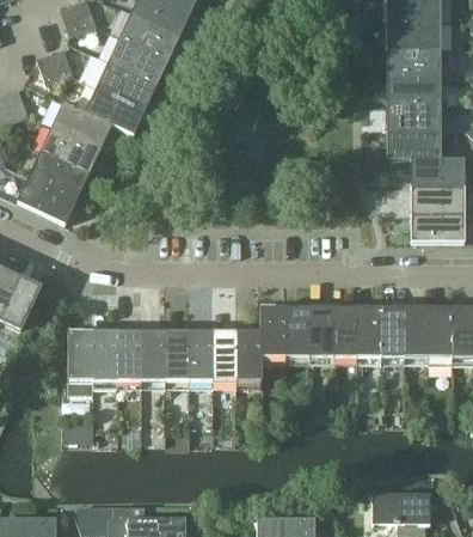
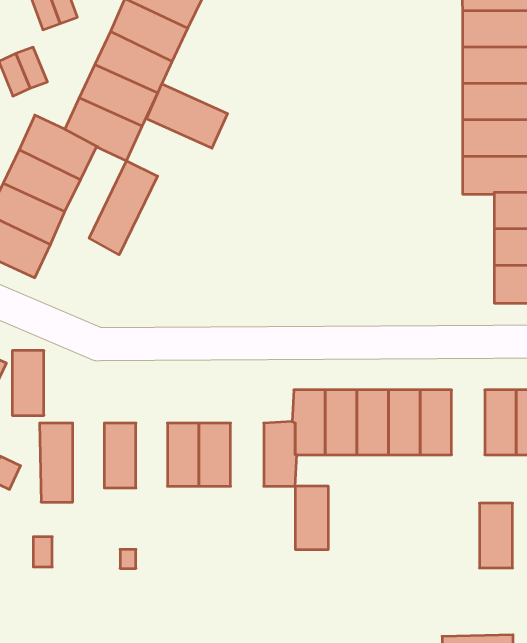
building: none -> [146,84,228,148]
building: none -> [89,161,158,255]
building: [380,307,405,356] -> [479,503,513,568]
building: [93,332,117,382] -> [12,351,44,415]
building: [141,332,165,382] -> none
building: [213,332,238,380] -> [295,486,328,549]

